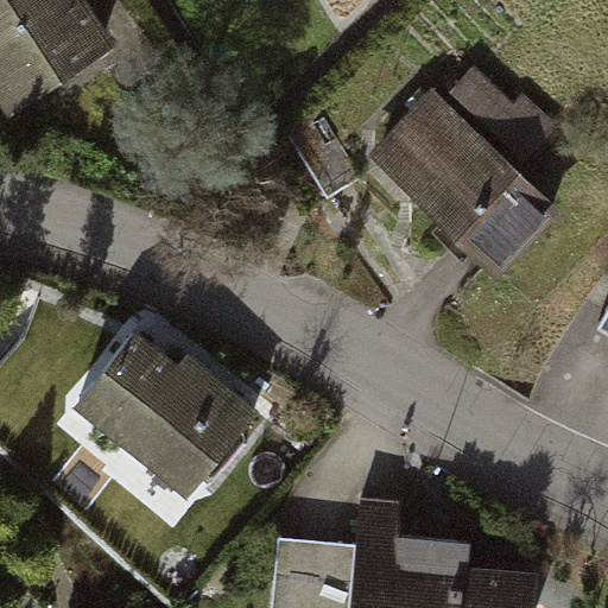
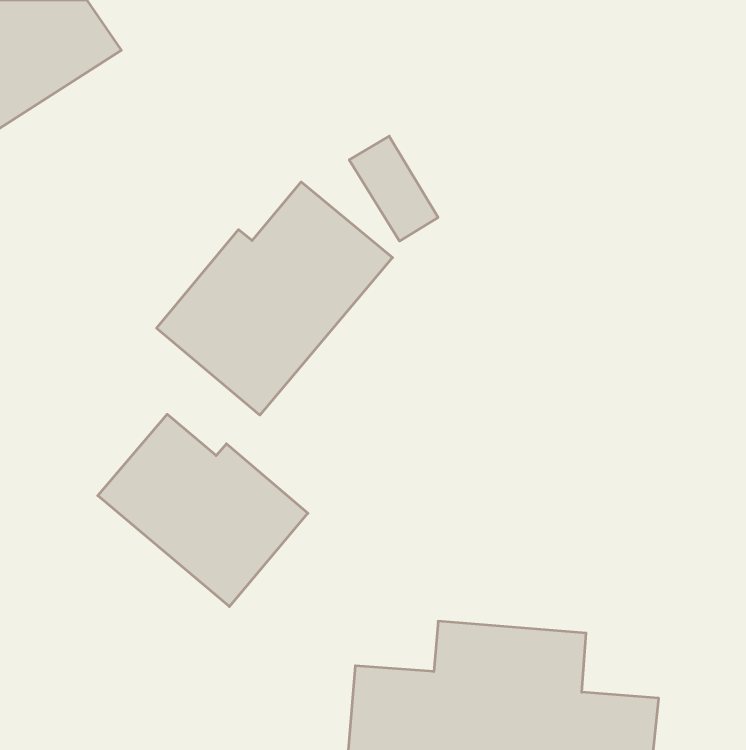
building: [374,69,563,279] -> none
building: none -> [157,182,393,415]

